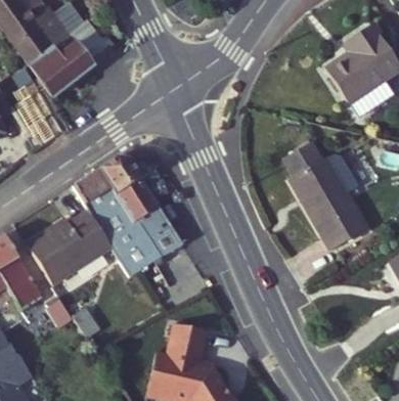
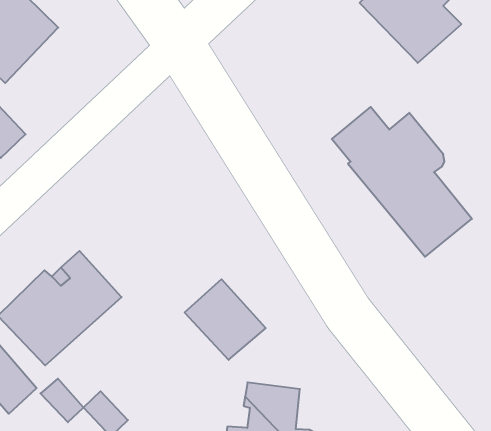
building: [71,158,186,276] -> none

